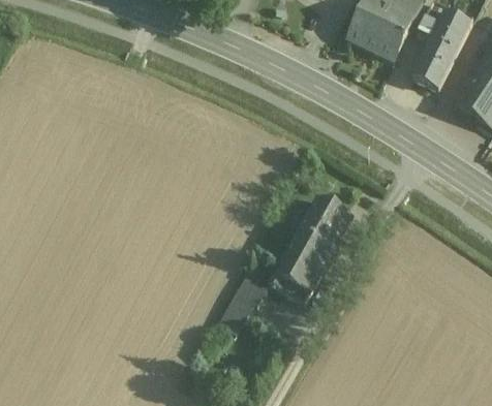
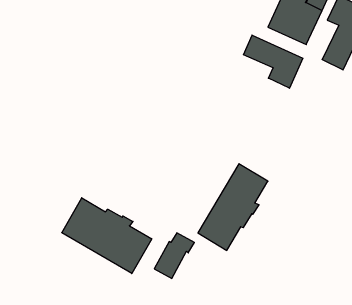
building: none -> [244,35,303,88]
building: none -> [62,198,152,274]

